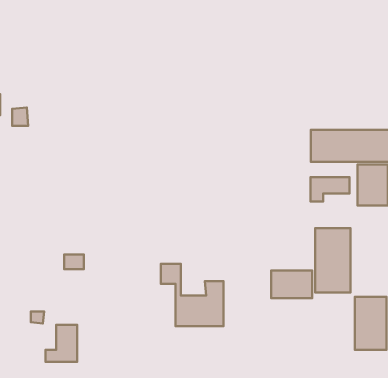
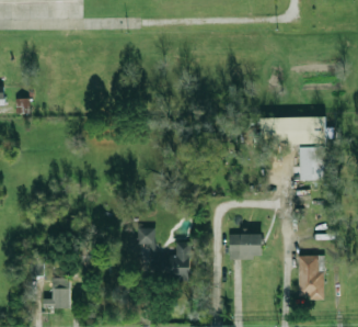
building: [311,177,350,202] -> none
building: [315,228,350,292] -> none

